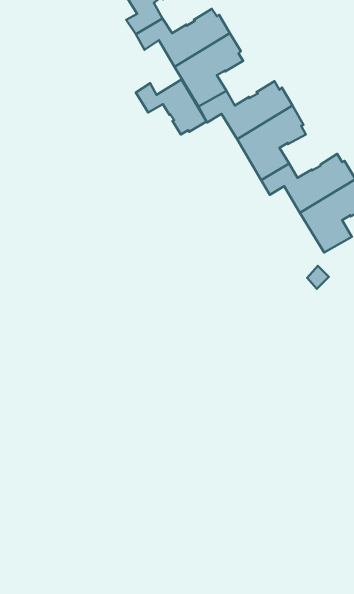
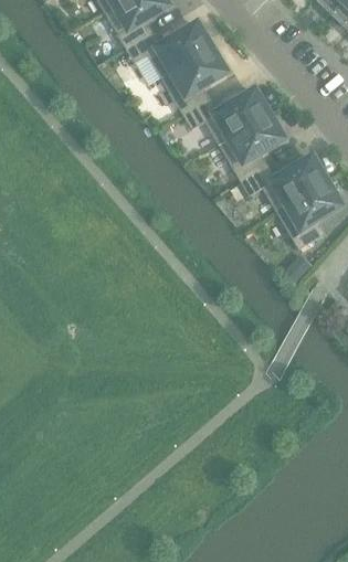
building: [136,79,207,134] -> none

